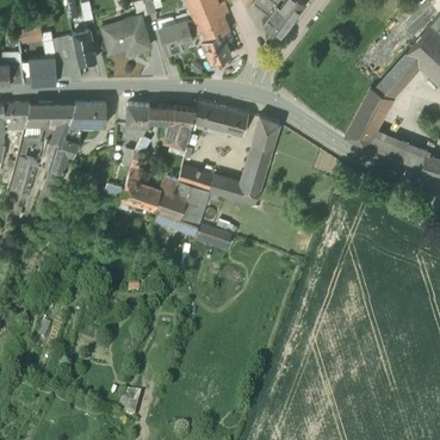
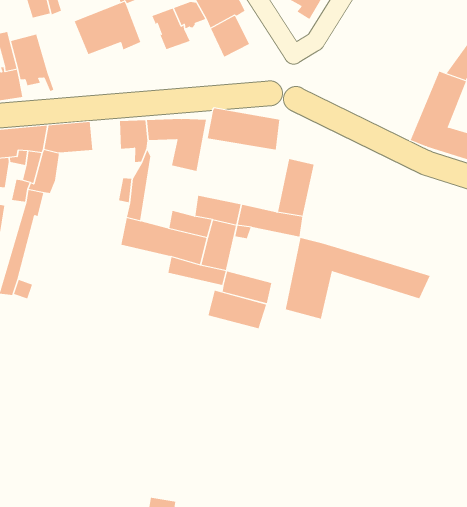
building: [73,30,95,63] -> none
building: [253,117,280,149] -> none
building: none -> [285,237,430,319]
building: none -> [208,290,267,329]

